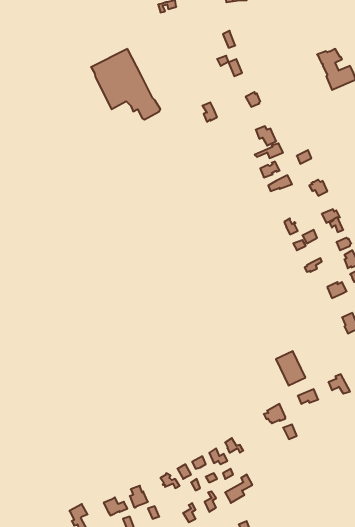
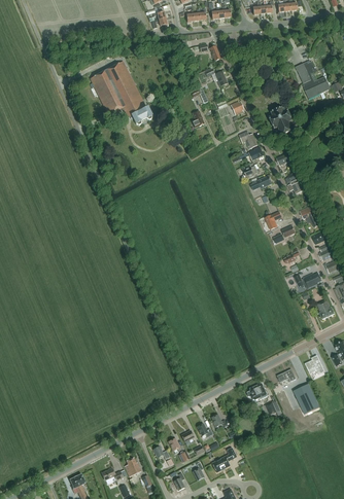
building: none -> [269,107,293,135]
building: [276,351,305,385] -> [293,384,319,415]

